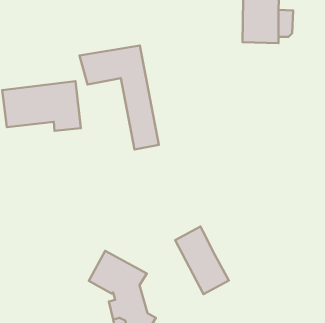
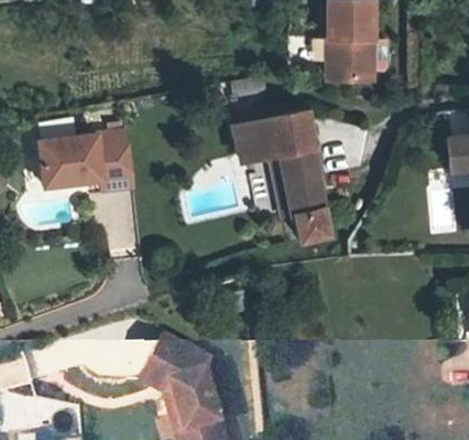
building: [79,46,159,149] -> [231,112,328,239]
building: [175,227,229,294] -> none

